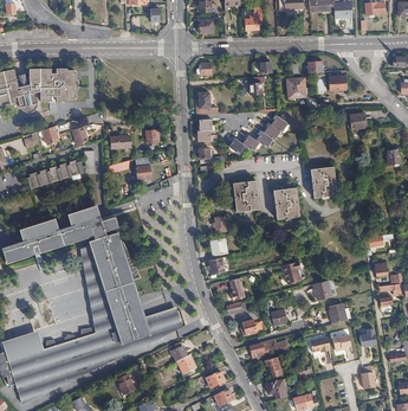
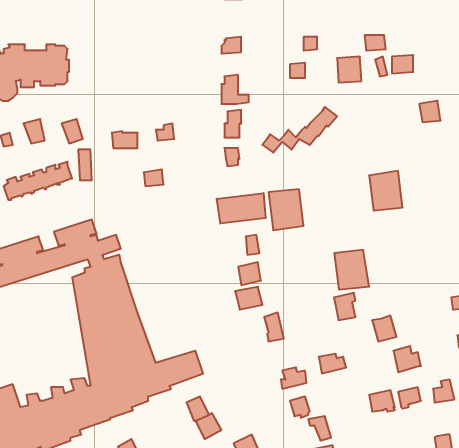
building: none -> [217,193,265,224]
building: [273,187,300,218] -> [334,250,369,290]

